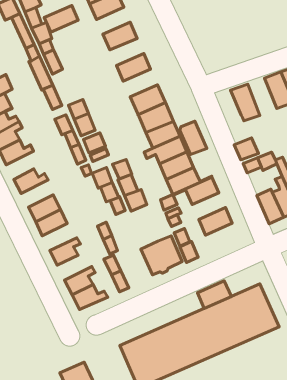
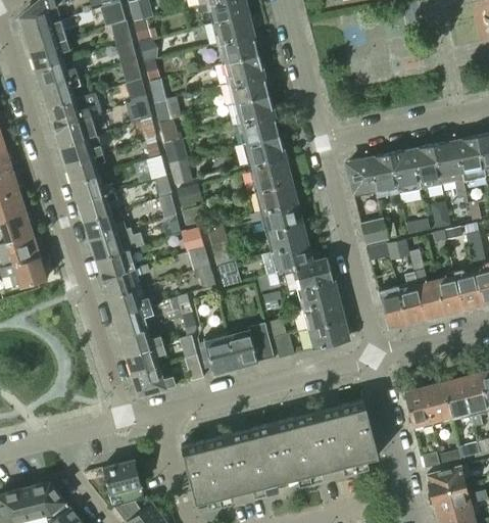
building: [44,5,78,32] -> [217,35,258,63]
building: none -> [228,76,268,104]
building: none -> [153,97,182,123]
building: none -> [238,115,279,145]
building: none -> [389,149,420,194]
building: [180,121,207,155] -> [346,157,376,197]
building: none -> [79,192,117,223]
building: none -> [91,228,144,259]
building: none -> [297,280,337,308]
building: none -> [108,287,150,317]
building: none -> [199,333,235,374]
building: none -> [120,328,162,355]
building: [197,281,232,308] -> [307,320,348,349]

